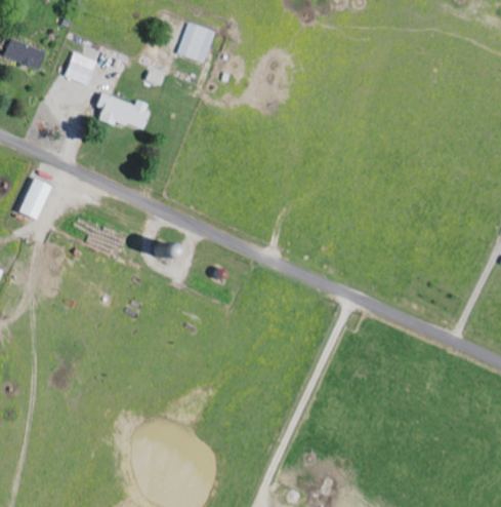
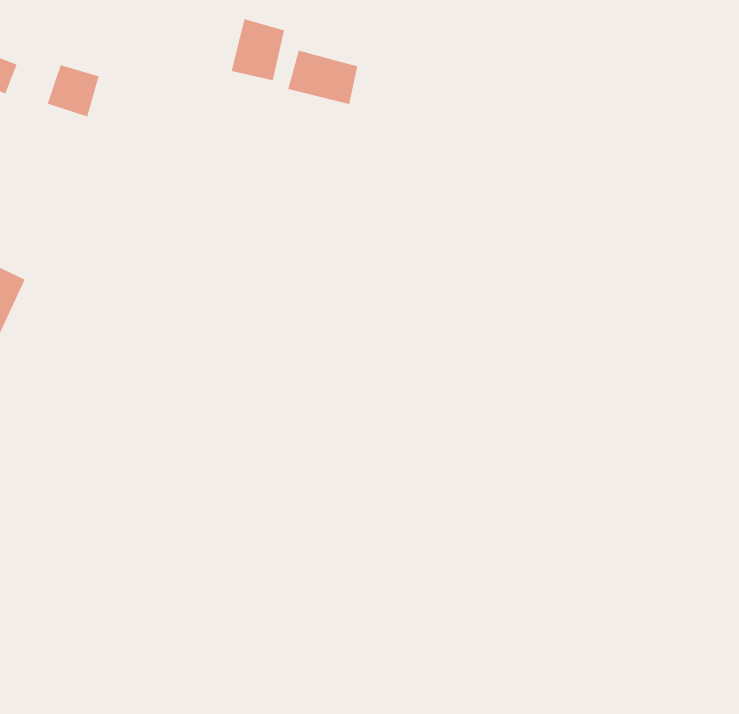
building: none -> [288,50,358,105]
building: [95,92,151,129] -> none

